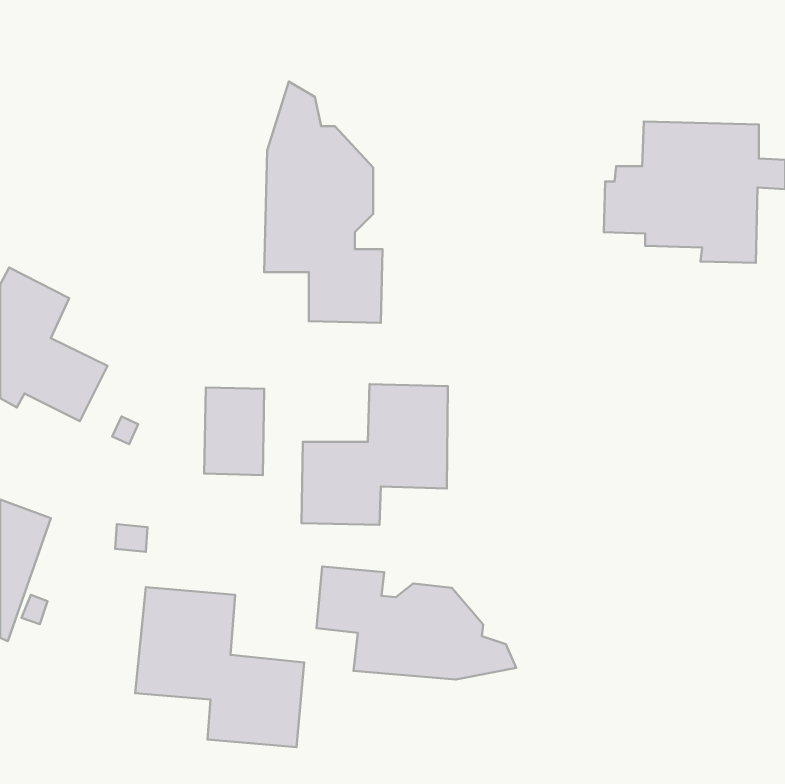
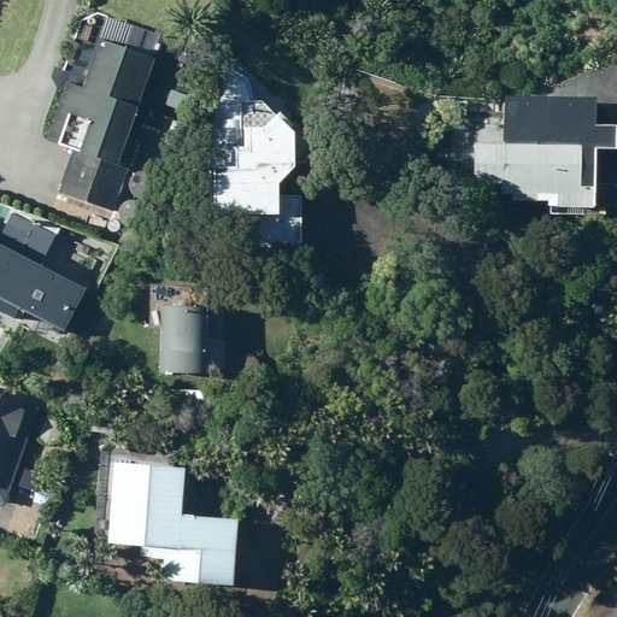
building: none -> [46,37,155,210]
building: [301,384,448,525] -> none
building: [316,567,516,680] -> none

